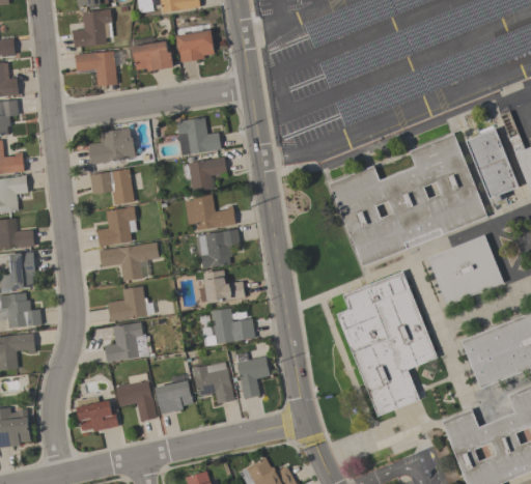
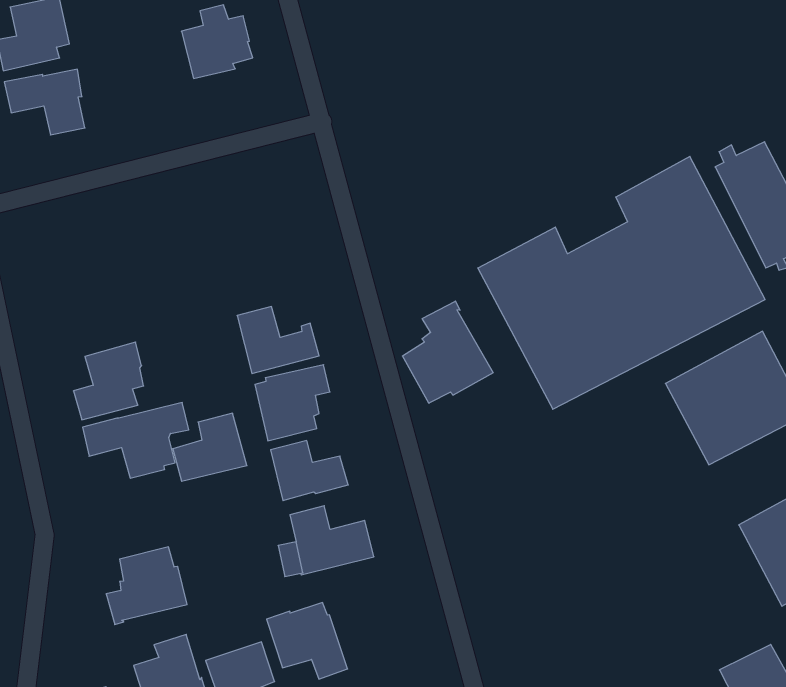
building: [133,40,173,72] -> none
building: [176,117,221,155] -> none
building: [87,127,137,165] -> none
building: [183,156,227,193] -> none
building: [90,169,134,205] -> none
building: none -> [402,301,493,403]
building: [337,271,438,417] -> none
building: [107,286,147,321] -> [173,413,247,481]
building: [236,357,270,399] -> none

